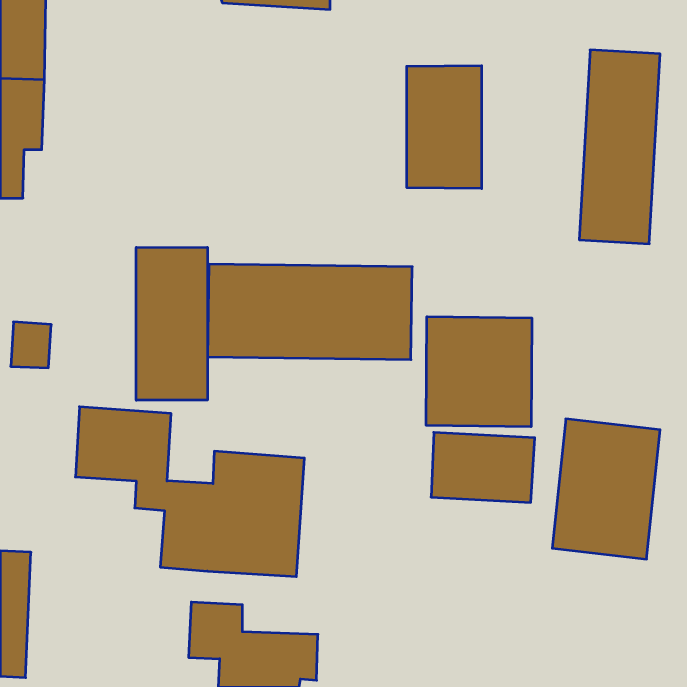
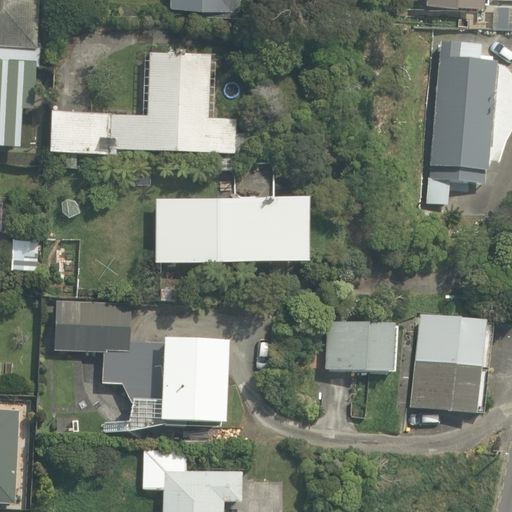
building: [407,66,482,189] -> none
building: none -> [50,52,249,151]
building: [136,247,207,400] -> none
building: [426,317,532,427] -> none

